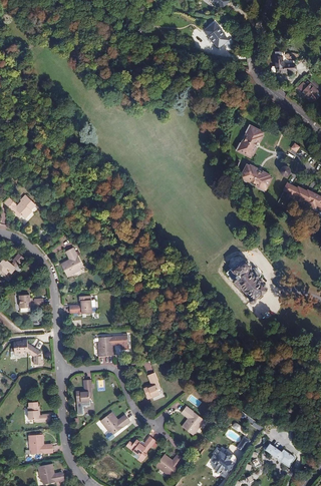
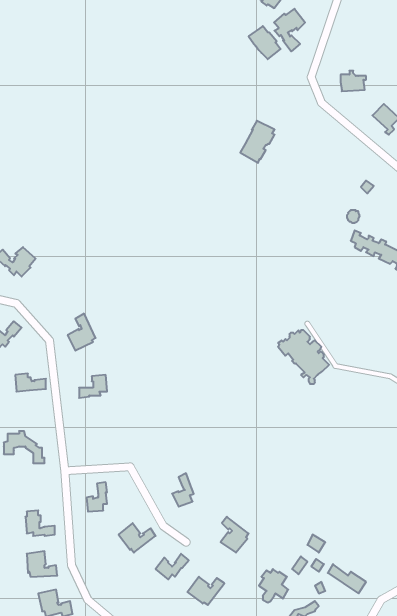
building: none -> [274,9,305,51]
building: [236,124,263,157] -> [240,121,275,163]
building: [239,163,272,190] -> none
building: [97,335,127,356] -> none

